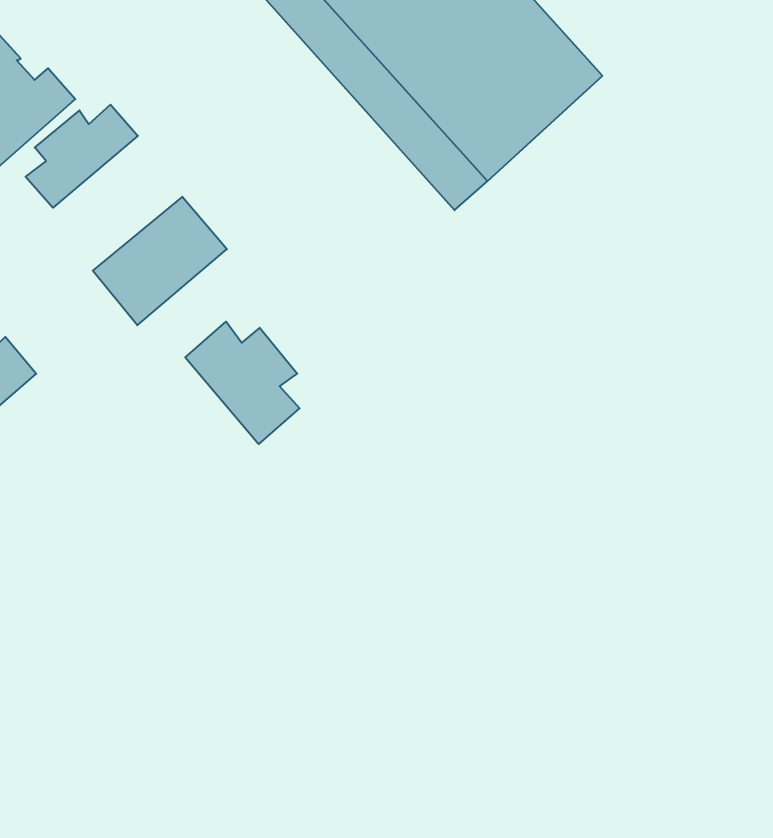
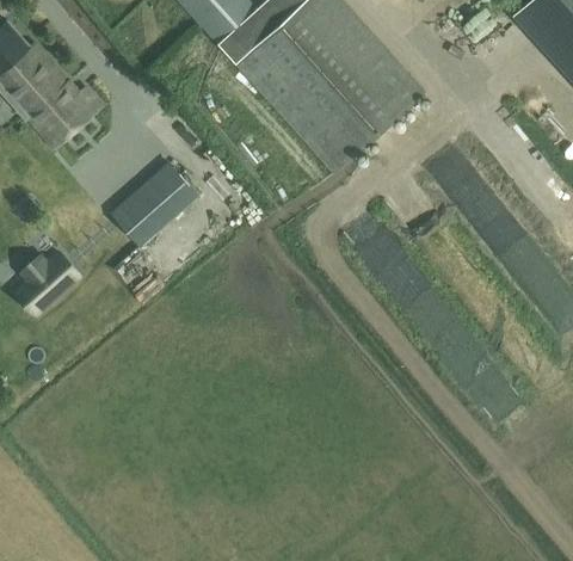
building: [26,105,138,208] -> none
building: [185,322,300,444] -> none

